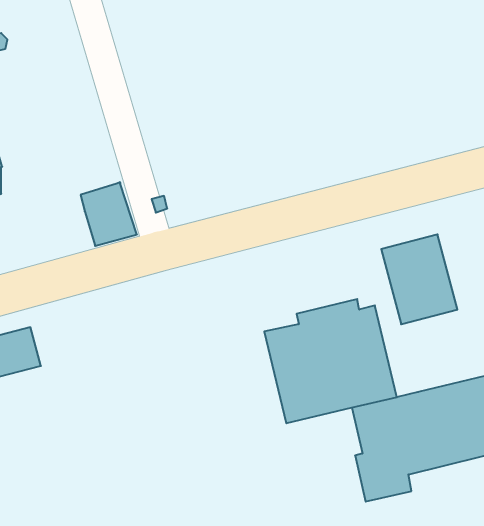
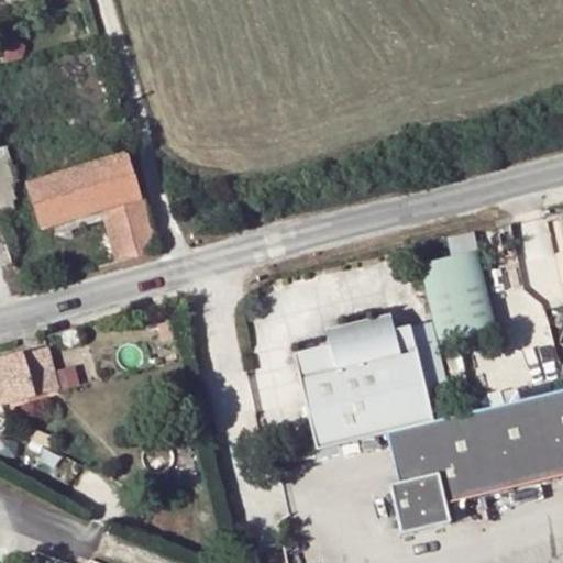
building: none -> [27,153,139,232]

